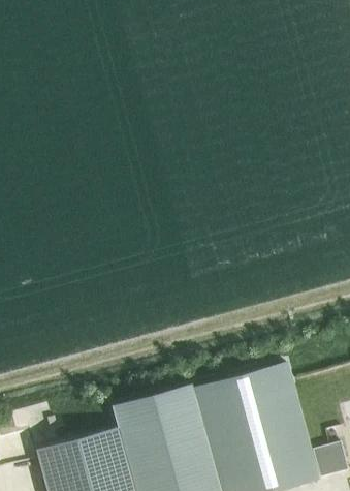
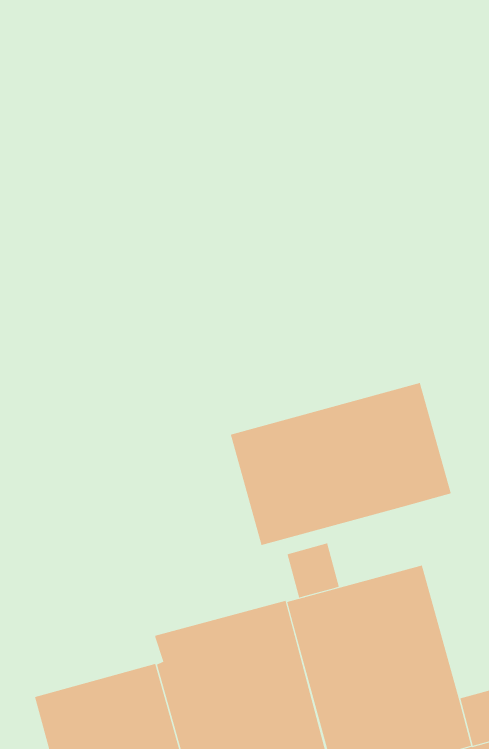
building: none -> [230,382,451,546]
building: none -> [287,543,340,598]

